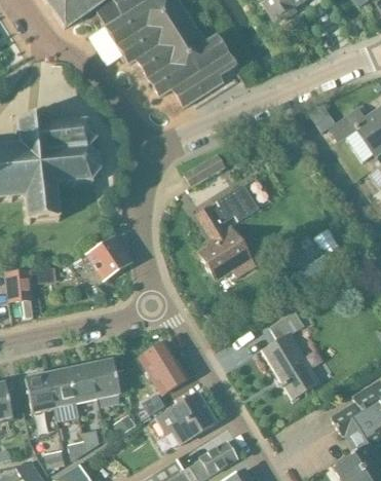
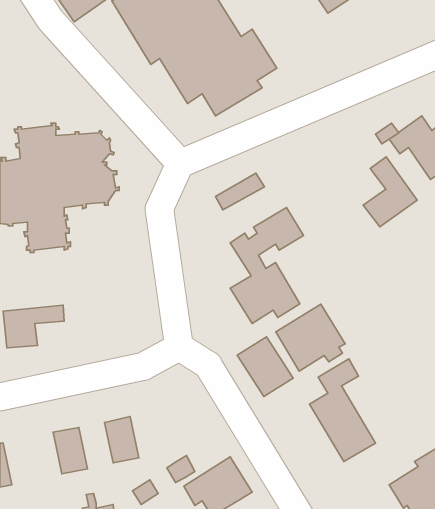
building: none -> [363,157,417,227]
building: [85,236,129,280] -> none
building: none -> [276,304,345,371]
building: [140,342,187,393] -> [237,337,293,397]
building: [68,365,97,404] -> none
building: [24,373,53,412] -> none

